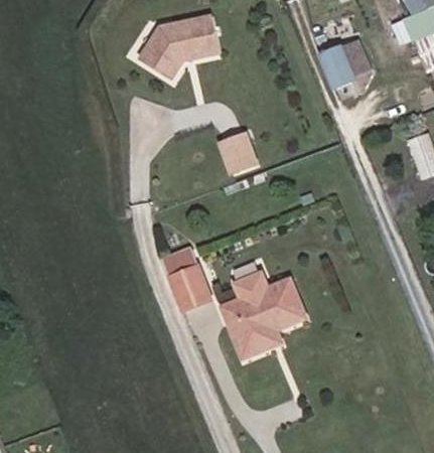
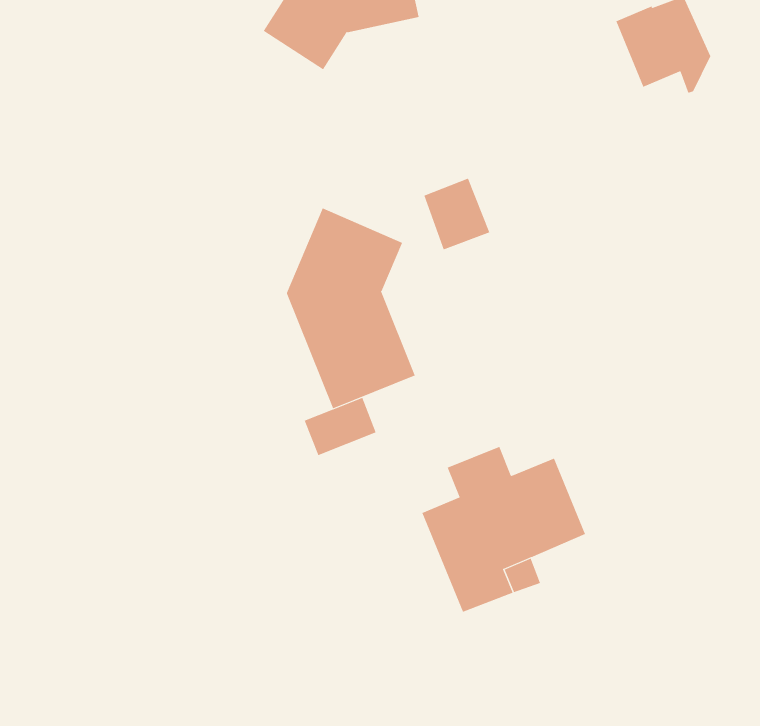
building: none -> [286,207,416,409]
building: [166,265,210,310] -> none

